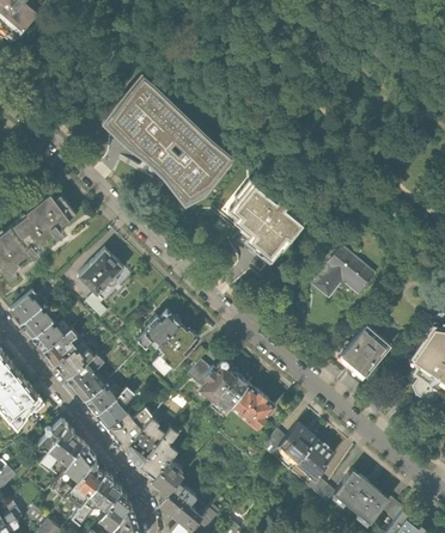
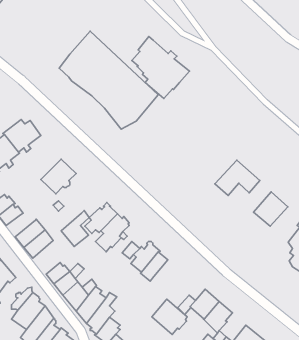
building: [227,180,305,264] -> [132,37,189,98]
building: [30,320,69,351] -> none
building: [339,332,385,379] -> [253,192,288,226]
building: [66,353,104,402] -> [61,210,89,247]
building: [230,381,278,429] -> [152,299,187,334]

